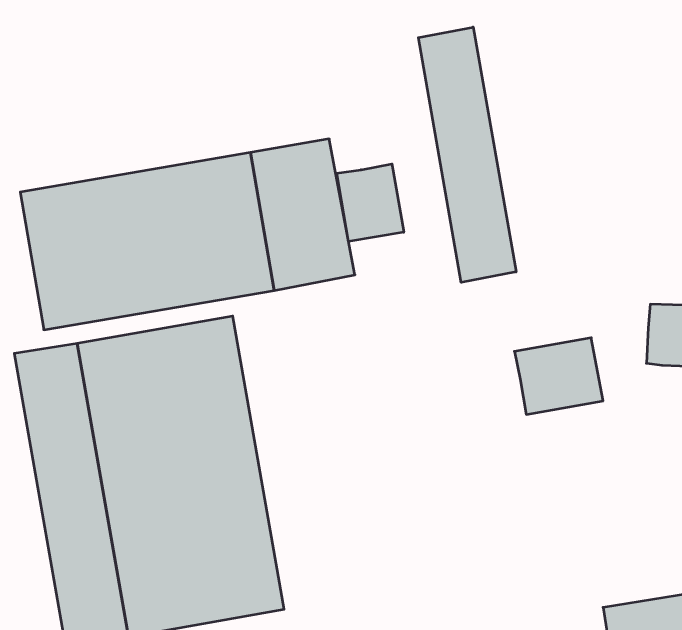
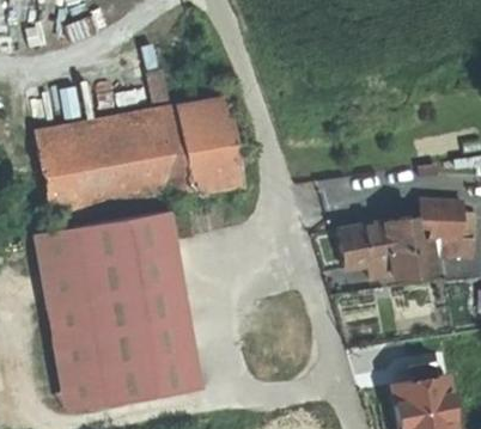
building: [418,27,516,282] -> none
building: [337,164,404,241] -> none
building: none -> [386,214,436,276]

